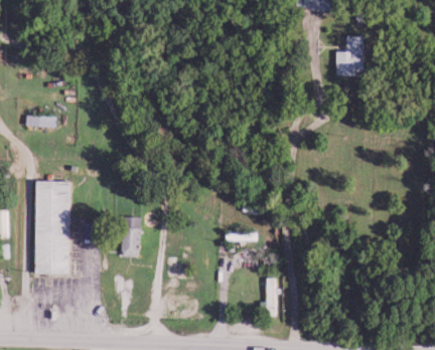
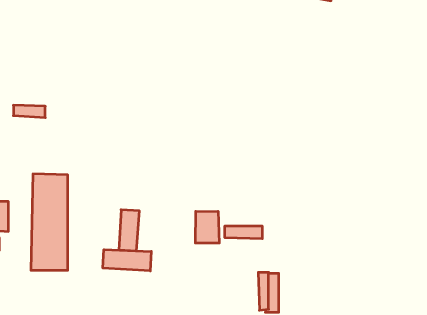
building: [336,34,365,74] -> none
building: none -> [195,211,219,243]
building: none -> [103,250,151,271]

